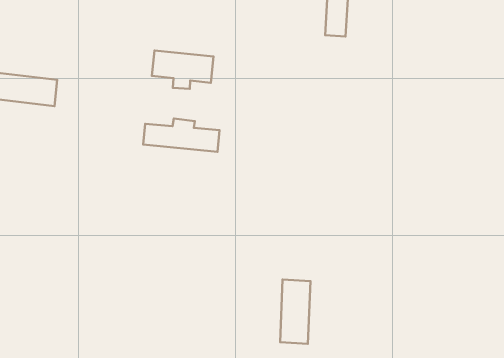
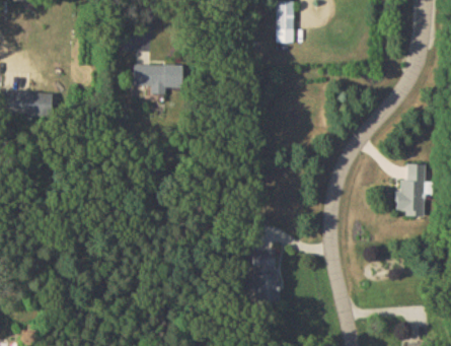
building: [143,118,220,152] -> none
building: none -> [395,164,425,216]

